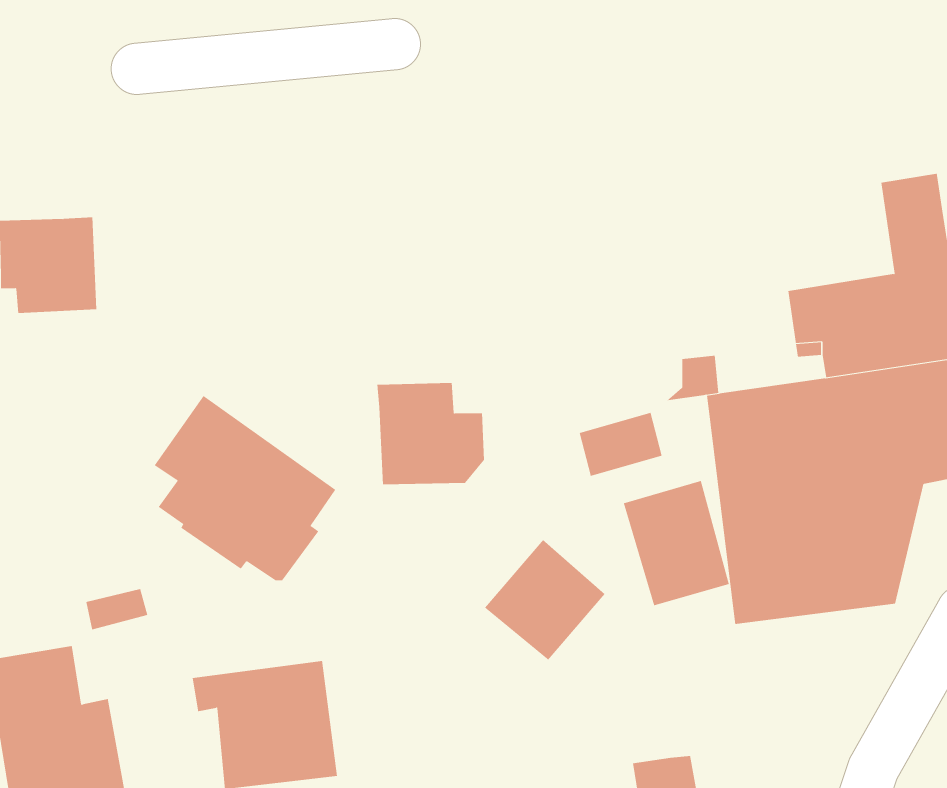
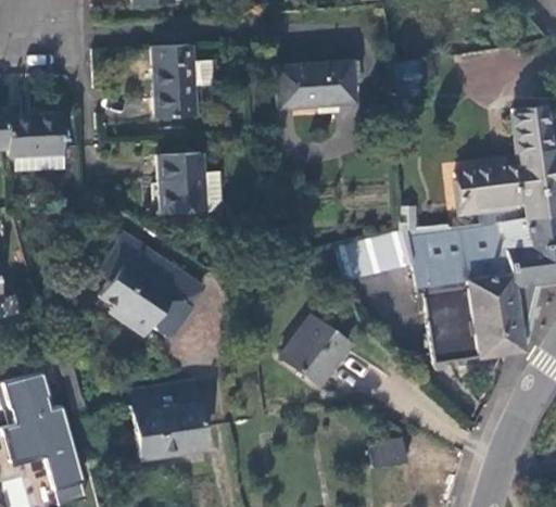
building: none -> [152,45,214,117]
building: none -> [273,63,352,110]
building: [377,382,485,485] -> [157,155,219,214]
building: [623,480,730,606] -> none

